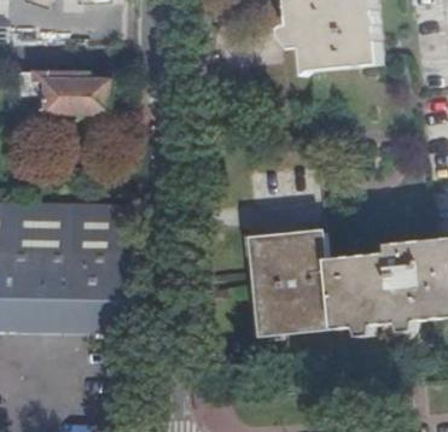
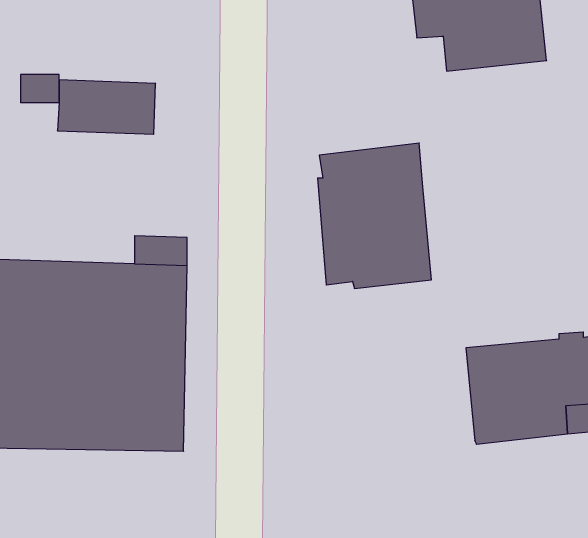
building: [250,230,328,331] -> [318,143,431,288]

